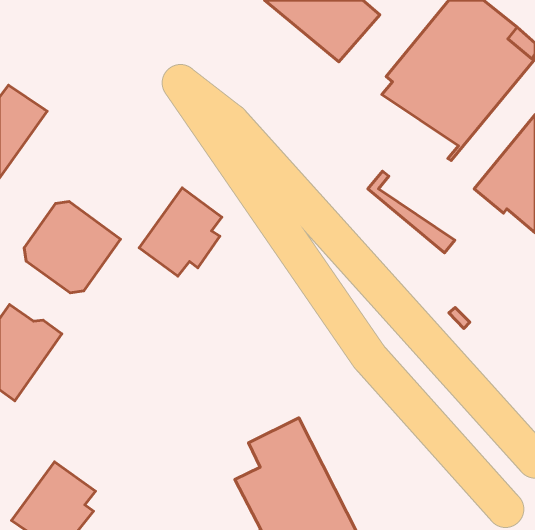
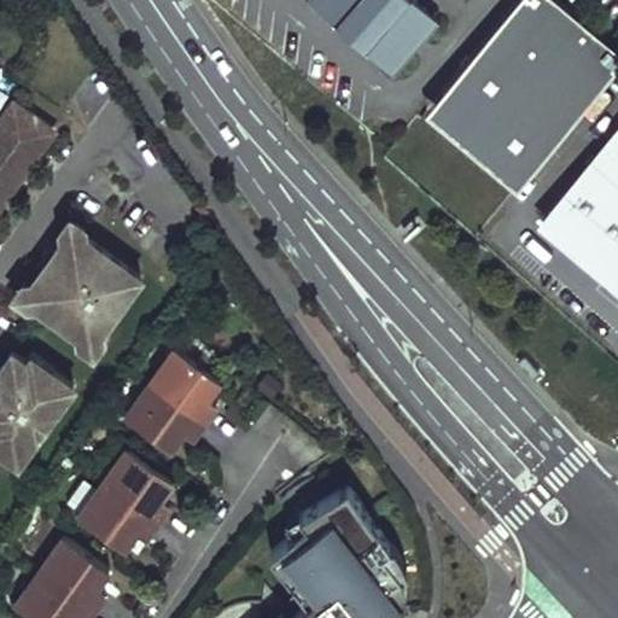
building: [368,171,455,253] -> [427,95,527,190]
building: [139,188,222,276] -> [124,352,220,454]
building: none -> [76,450,174,554]

